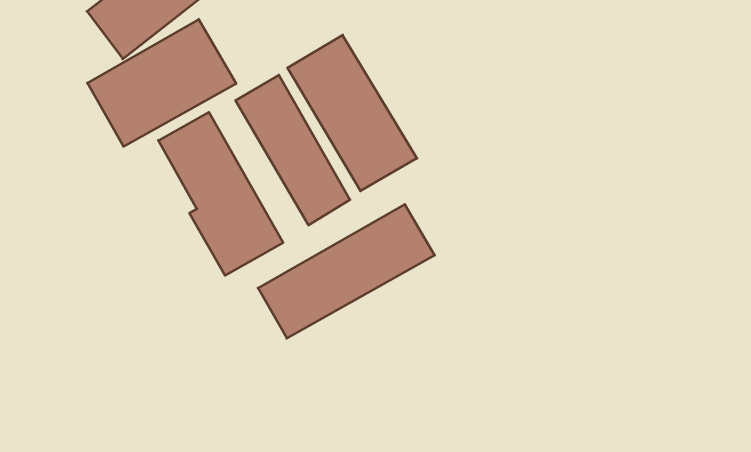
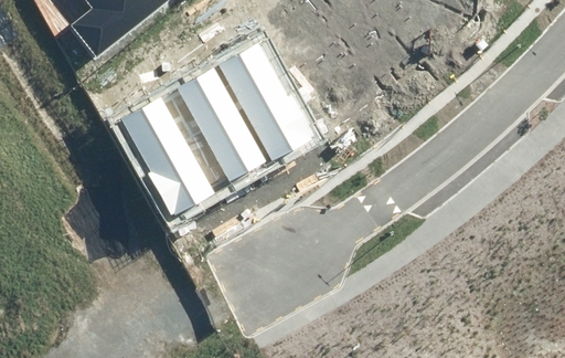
building: [87,19,236,146] -> none
building: [258,204,435,338] -> none

